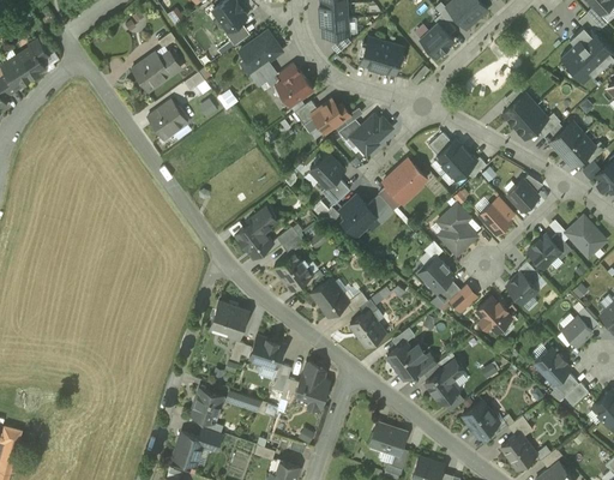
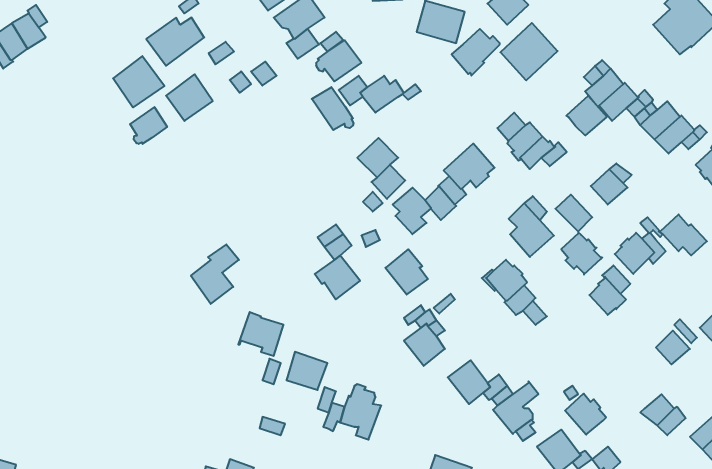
building: none -> [500,23,558,80]
building: none -> [113,56,164,107]
building: none -> [312,87,353,130]
building: [350,115,391,155] -> [452,29,500,76]
building: none -> [566,96,607,135]
building: none -> [130,107,167,144]
building: [236,208,277,258] -> [191,244,239,304]
building: [311,280,347,318] -> [385,249,428,295]
building: [476,296,511,332] -> [561,232,602,275]
building: [535,348,570,383] -> [565,394,606,435]
building: [191,388,222,422] -> none

